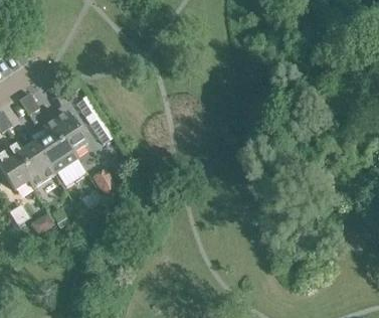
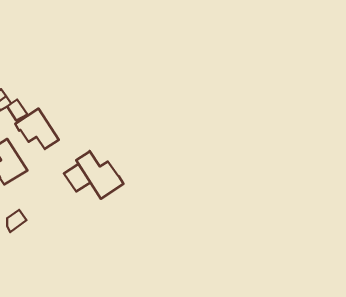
building: [35,132,77,172] -> none
building: none -> [76,151,124,199]

